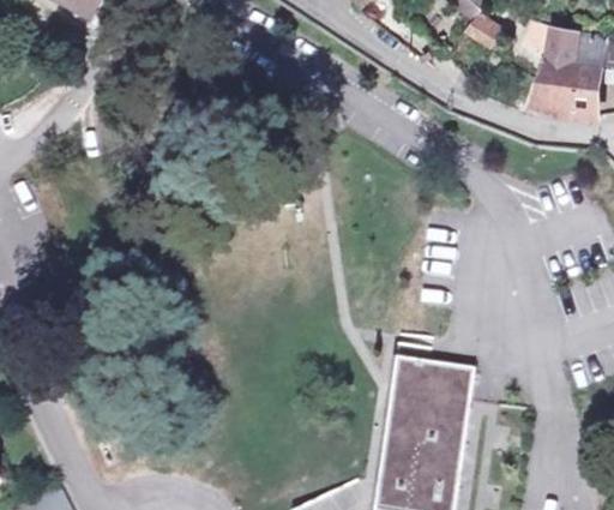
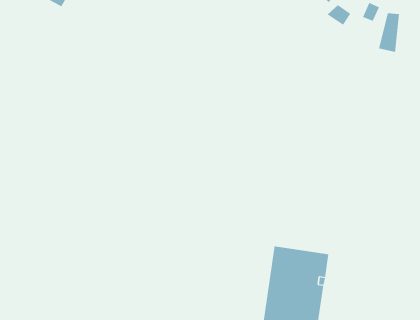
building: [531,31,595,114] -> none

